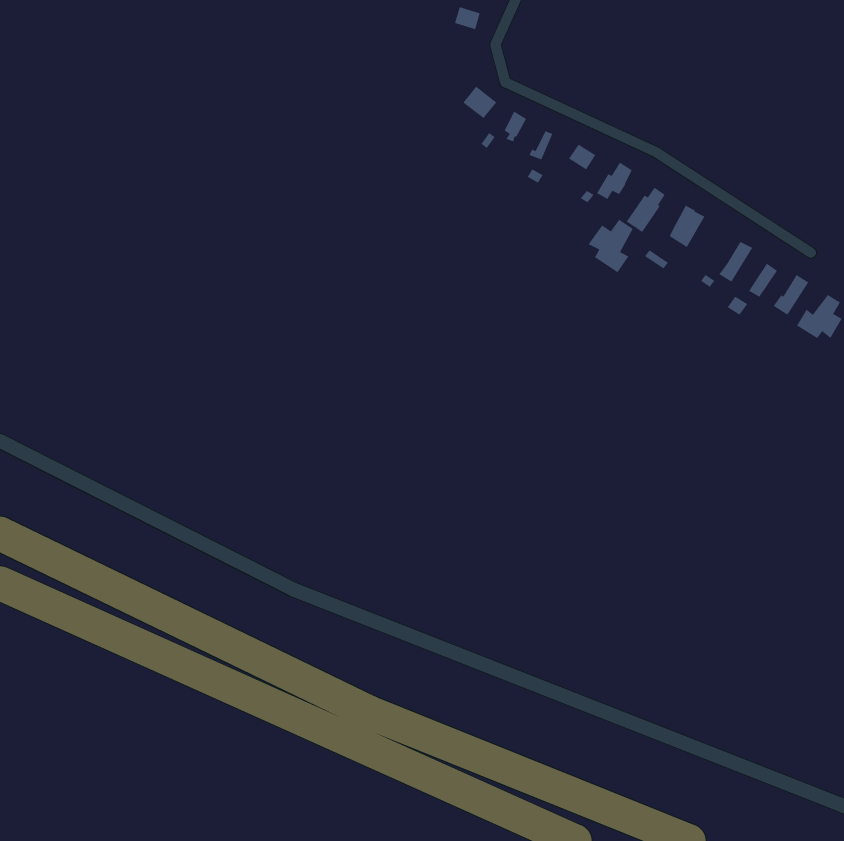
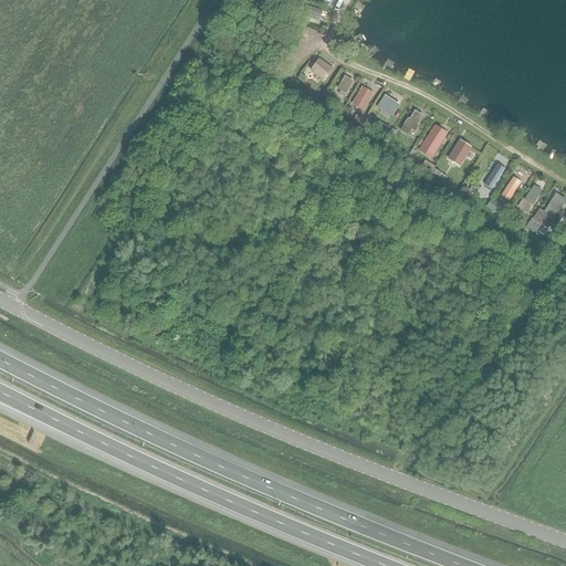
building: [588,219,634,273] -> none

